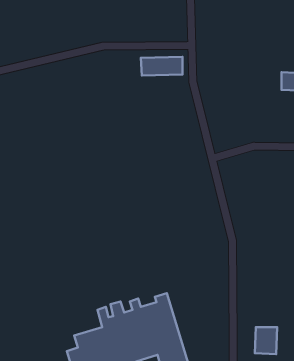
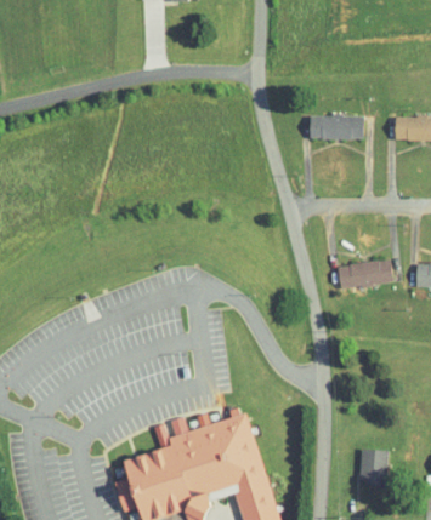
building: [141,57,183,75] -> [308,115,363,139]
building: none -> [338,261,392,288]

